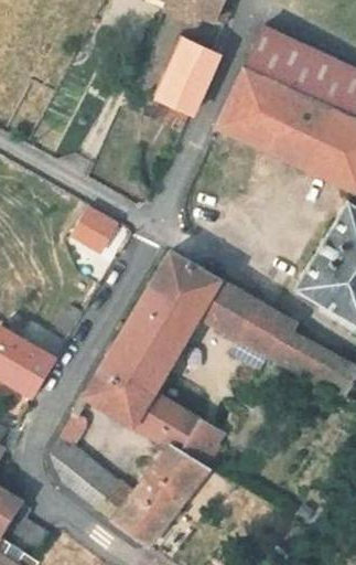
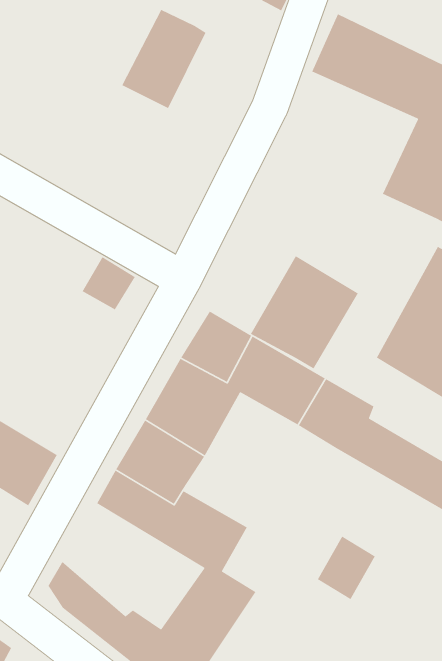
building: [159,40,223,115] -> [121,9,207,109]
building: [220,73,326,164] -> none
building: none -> [250,255,359,370]
building: [181,414,225,462] -> [317,535,376,600]

